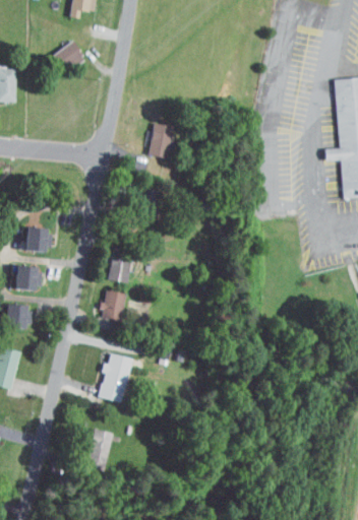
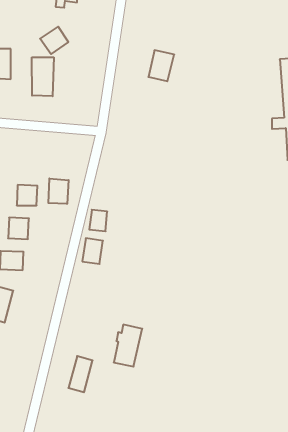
building: none -> [32,57,54,96]
building: [148,122,179,158] -> [148,50,174,81]
building: none -> [48,178,69,204]
building: [99,352,132,402] -> [114,325,142,367]

